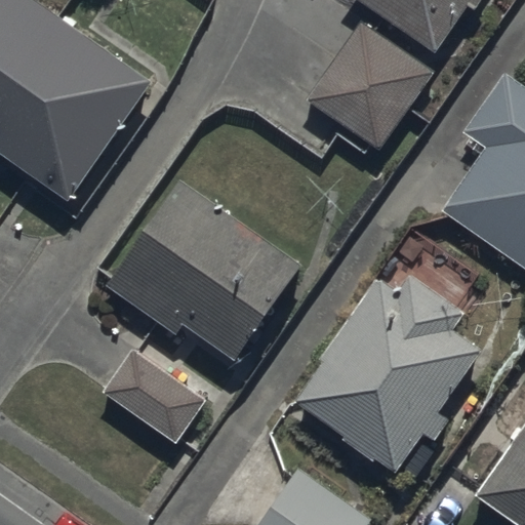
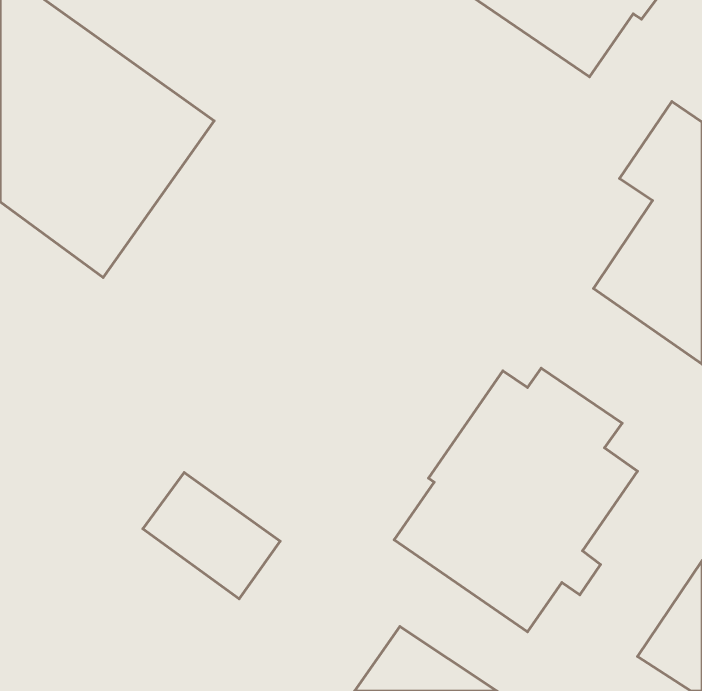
building: [311,25,439,152] -> none
building: [108,174,301,354] -> none

